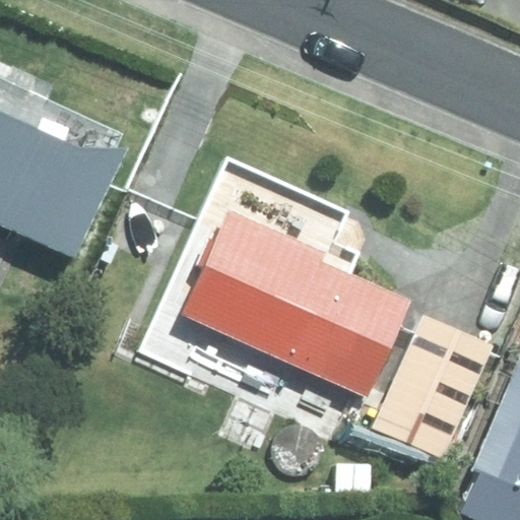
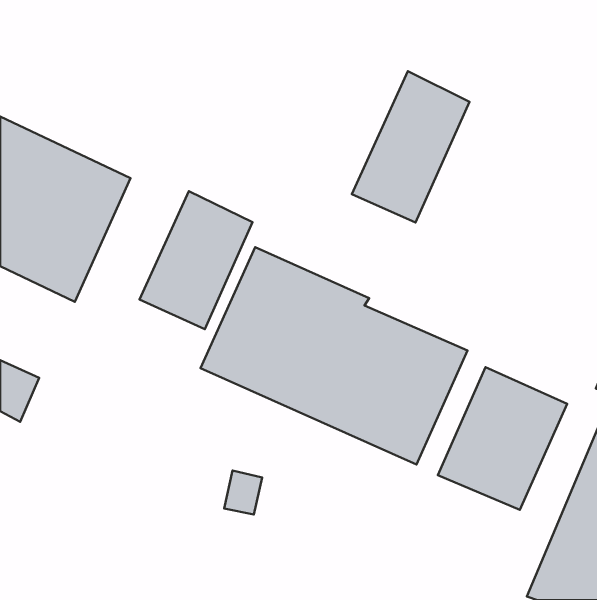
building: none -> [352,71,470,223]
building: none -> [139,191,253,329]

